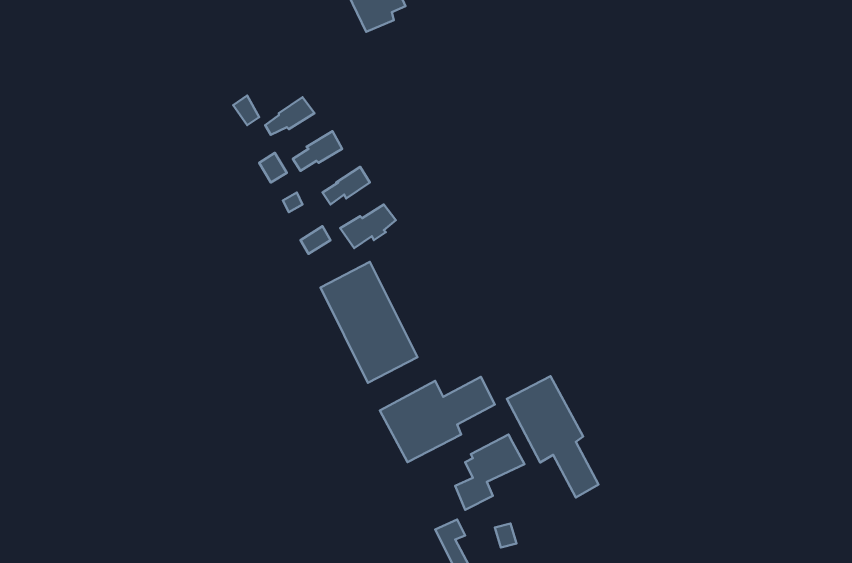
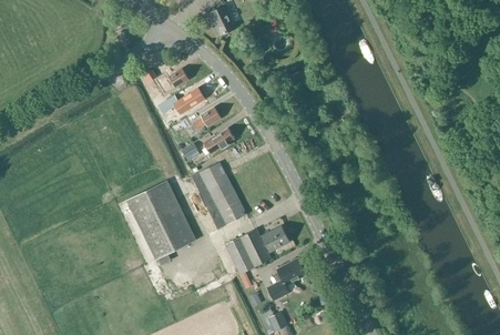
building: none -> [129,181,196,261]
building: [507,376,599,498] -> none

